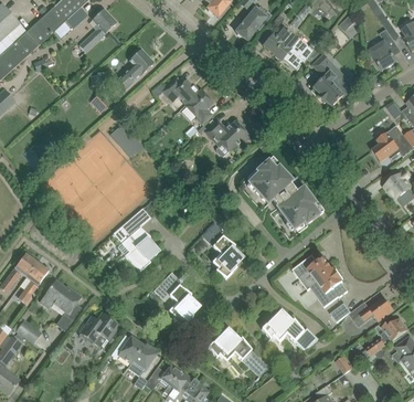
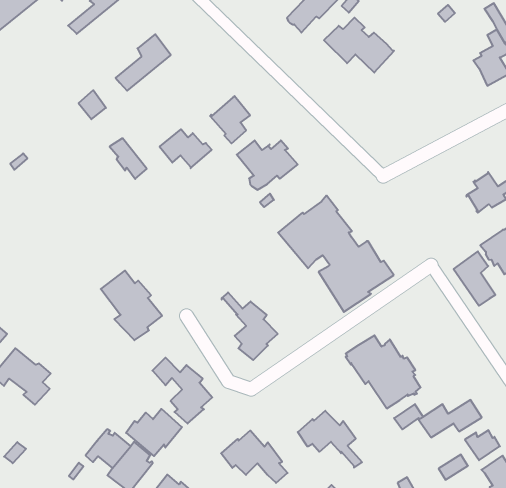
building: [310,54,352,106] -> none
building: [162,77,200,105] -> [160,129,212,168]
building: none -> [454,251,495,306]
building: [78,313,118,347] -> [126,409,182,456]

